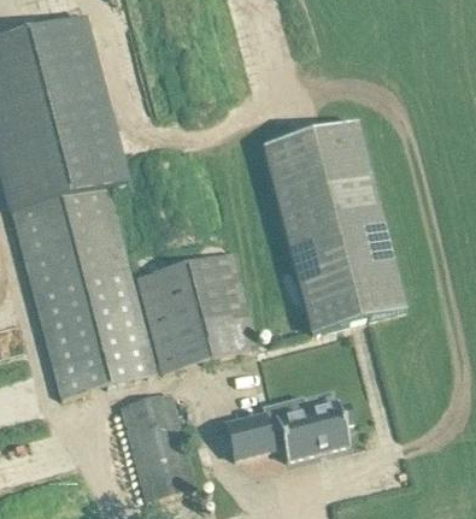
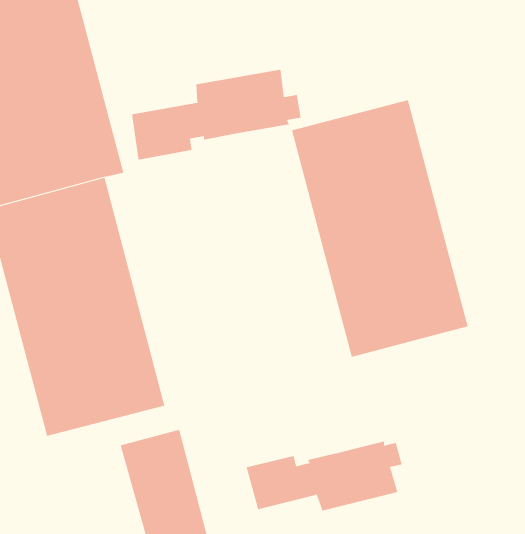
building: none -> [132,69,301,160]
building: [137,249,257,370] -> none

